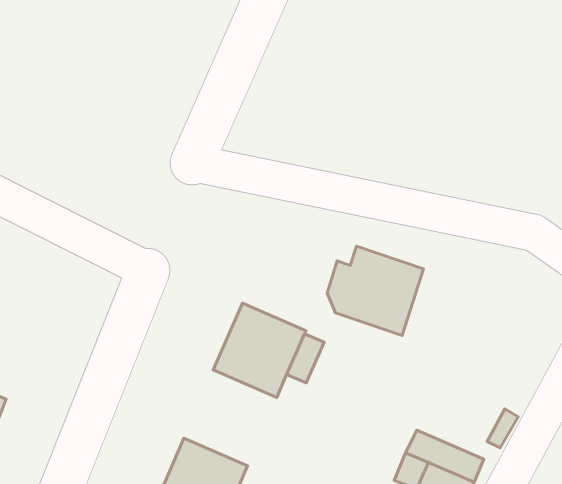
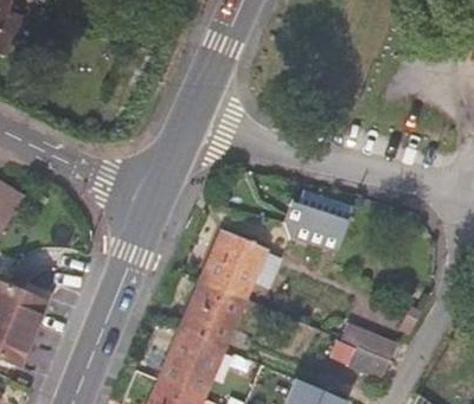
building: none -> [178,278,245,348]

